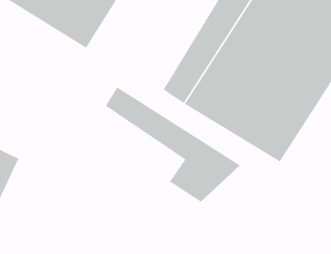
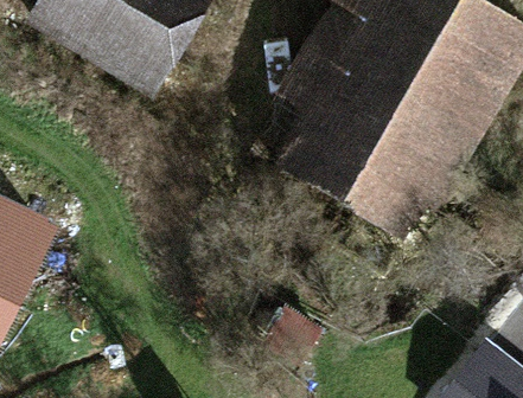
building: [105,86,241,202] -> none

